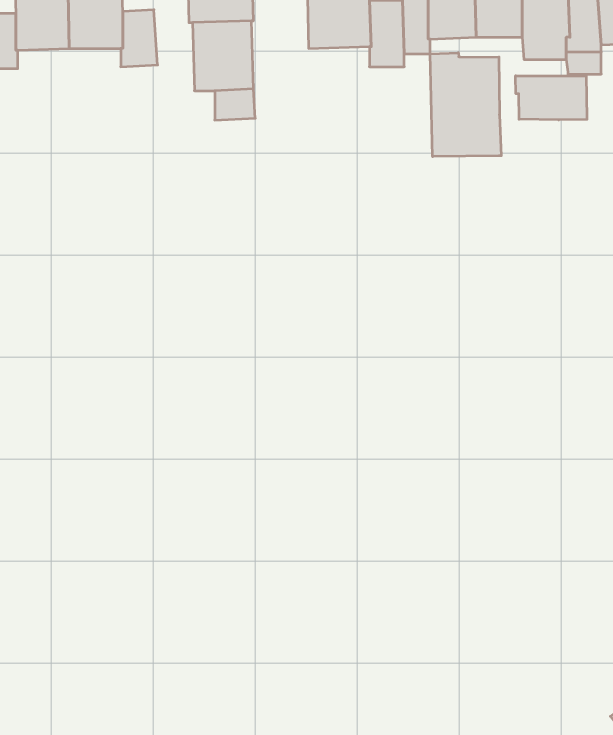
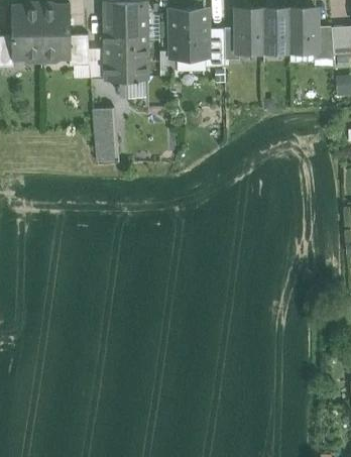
building: [430,53,501,157] -> none
building: [516,76,587,120] -> none
building: none -> [93,109,116,161]

